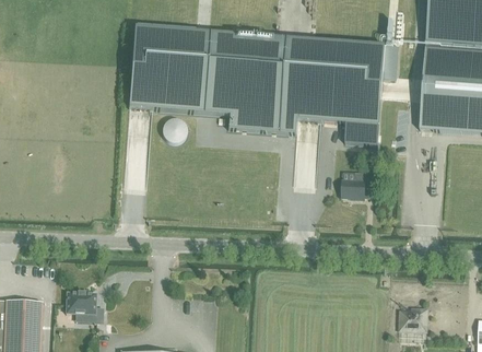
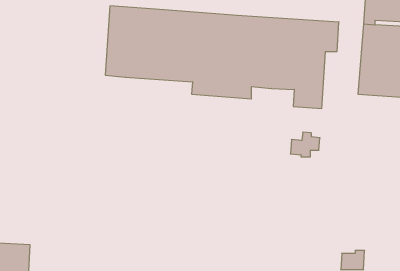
building: [67,290,104,320] -> none

